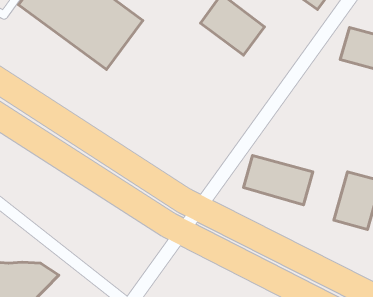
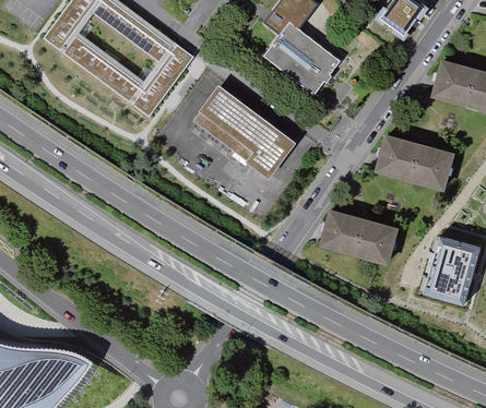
building: none -> [188,87,294,181]
building: none -> [372,137,455,196]

